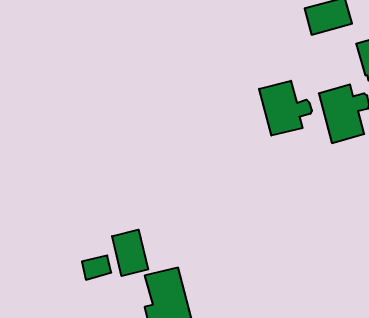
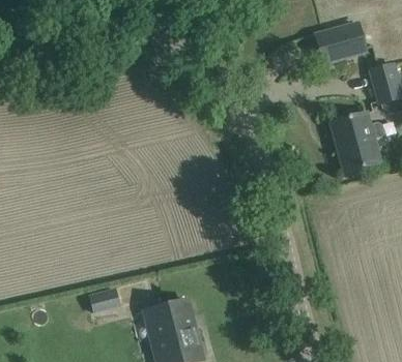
building: [259,81,312,136] -> none
building: [112,230,148,276] -> none

